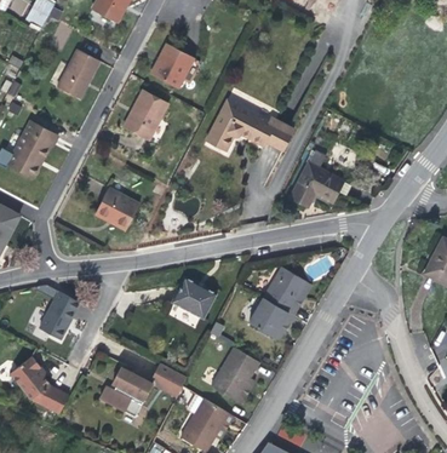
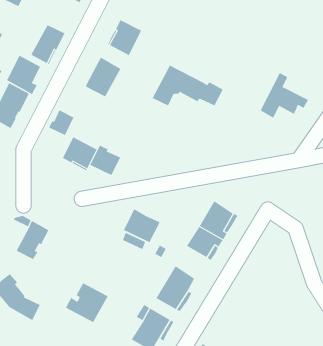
building: none -> [7,55,41,95]
building: [291,150,351,207] -> [260,72,309,118]
building: none -> [49,110,74,136]
building: none -> [90,145,121,176]
building: [150,362,187,396] -> none

